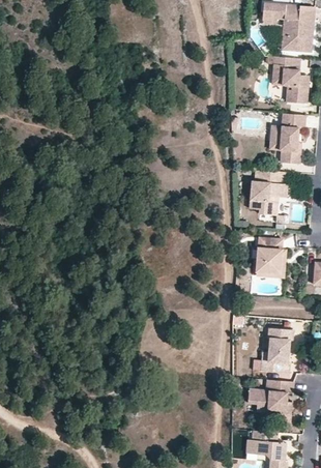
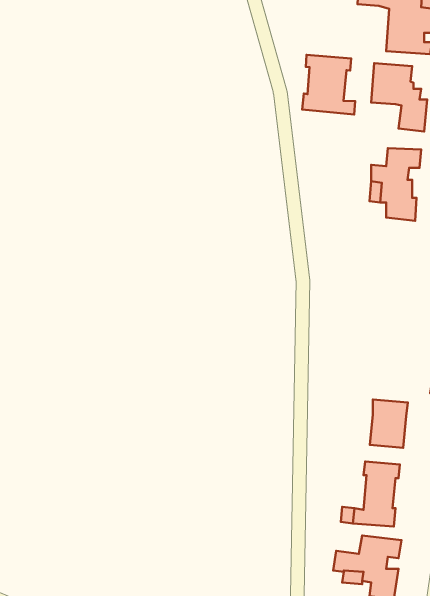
building: none -> [302,55,355,114]
building: [251,171,289,216] -> none
building: [258,240,284,273] -> [370,399,408,448]

